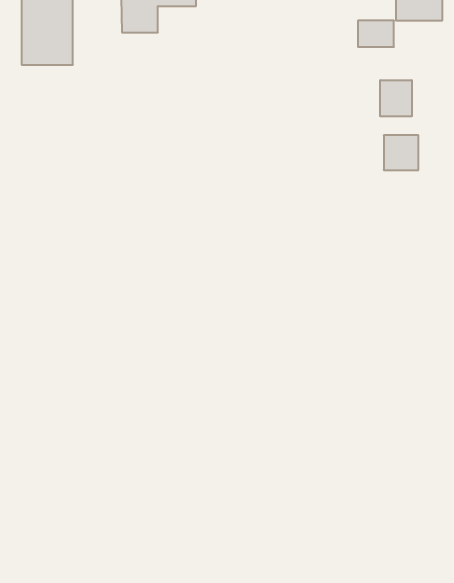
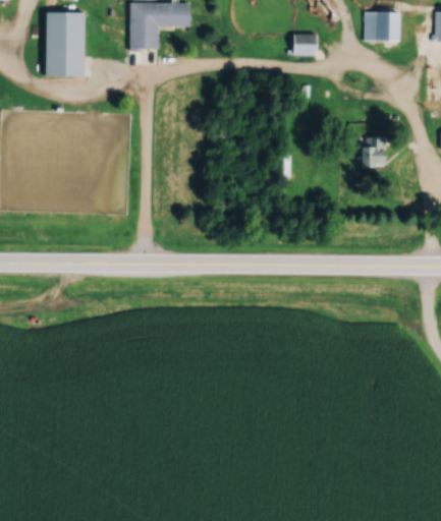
building: [358,21,394,47] -> [292,35,323,57]
building: [380,80,412,116] -> none

